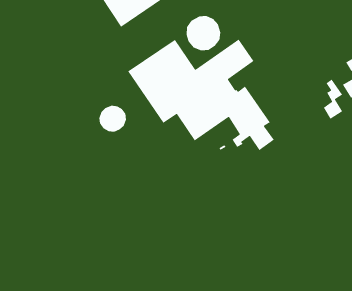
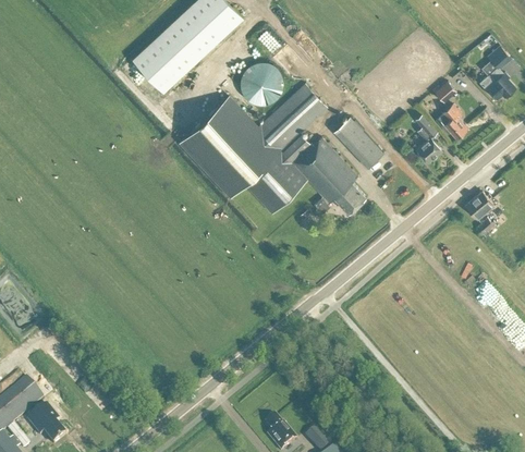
building: none -> [335,118,384,168]
building: [98,105,127,132] -> none

